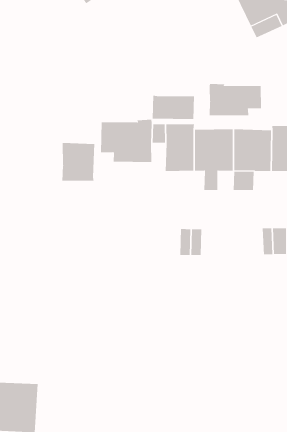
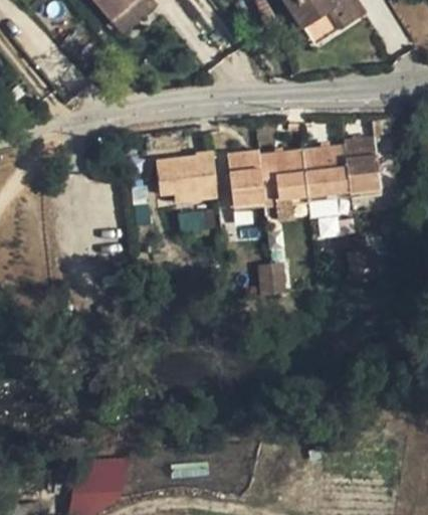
building: [209,83,261,116] -> none
building: [152,95,195,120] -> none
building: [62,142,95,182] -> none

